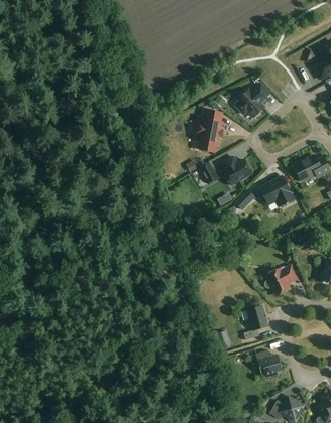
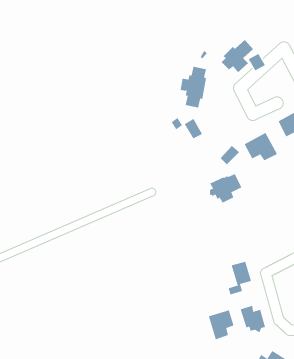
building: [221,155,251,183] -> none
building: [264,264,298,294] -> [209,173,242,203]
building: none -> [208,309,234,340]

